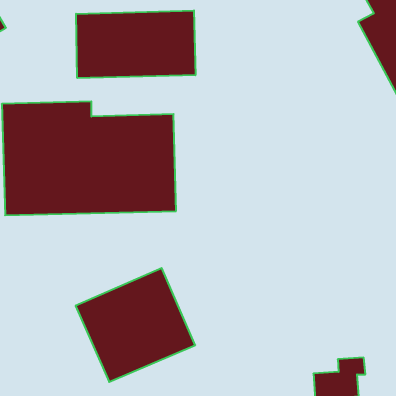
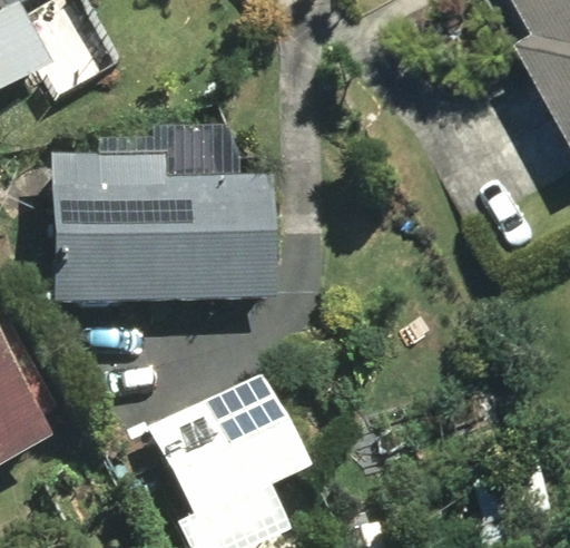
building: [76,10,195,78] -> none

